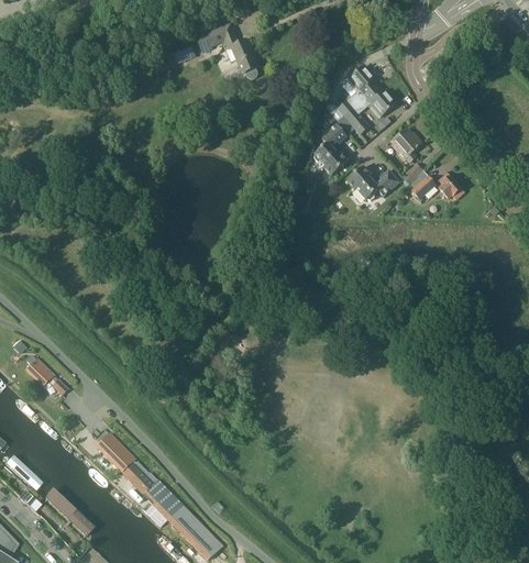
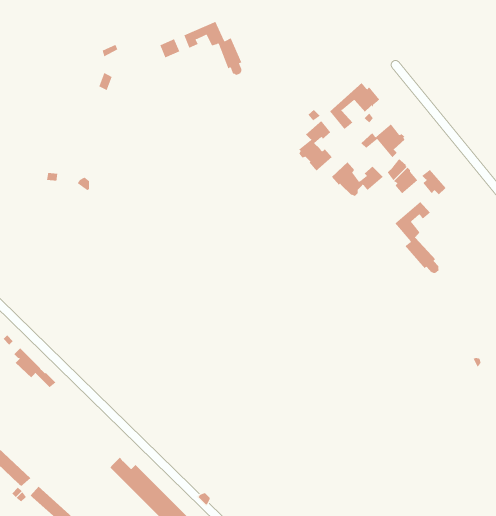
building: [338,65,378,114] -> none
building: none -> [395,201,439,274]
building: [97,432,142,473] -> none

